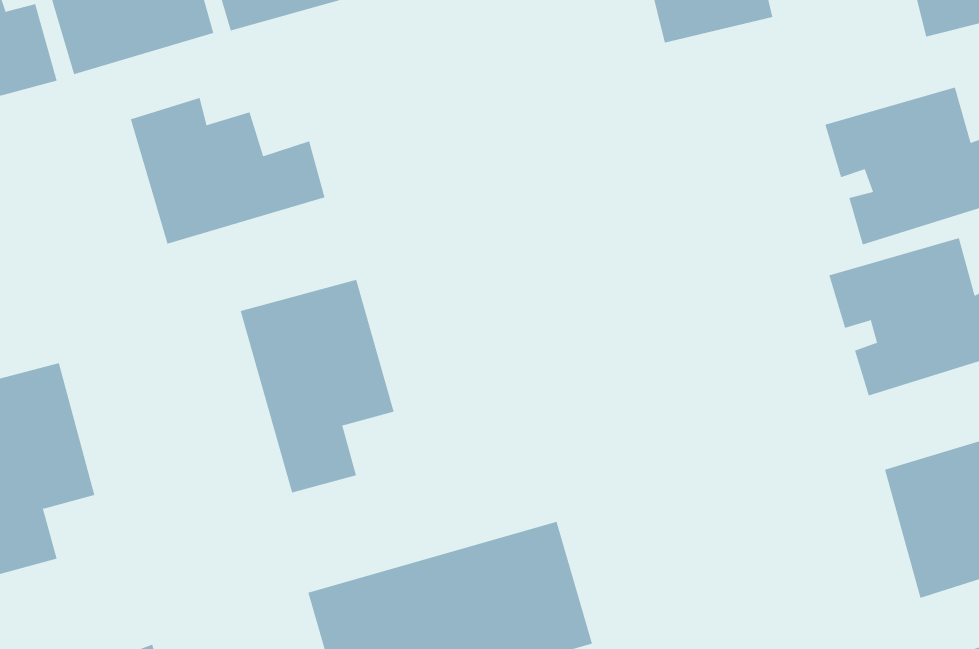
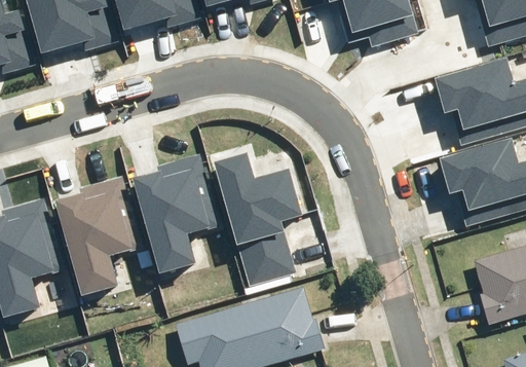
building: [130,97,325,244] -> none
building: none -> [217,148,295,278]
building: none -> [58,187,138,298]

